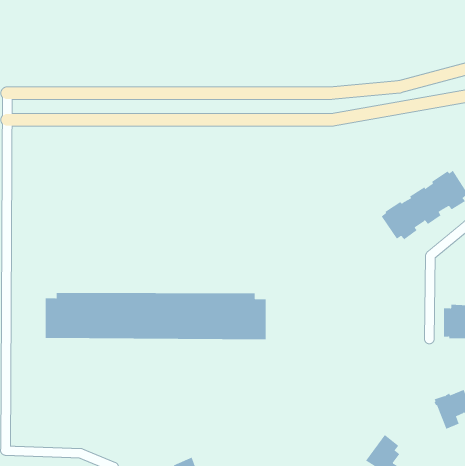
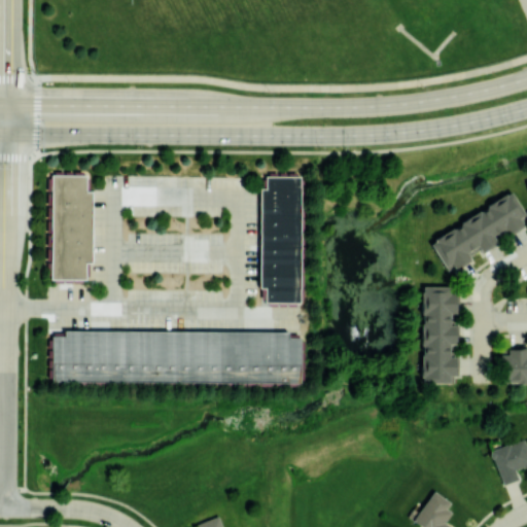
building: none -> [54,174,94,280]
building: none -> [261,176,303,303]
building: none -> [422,286,457,383]

